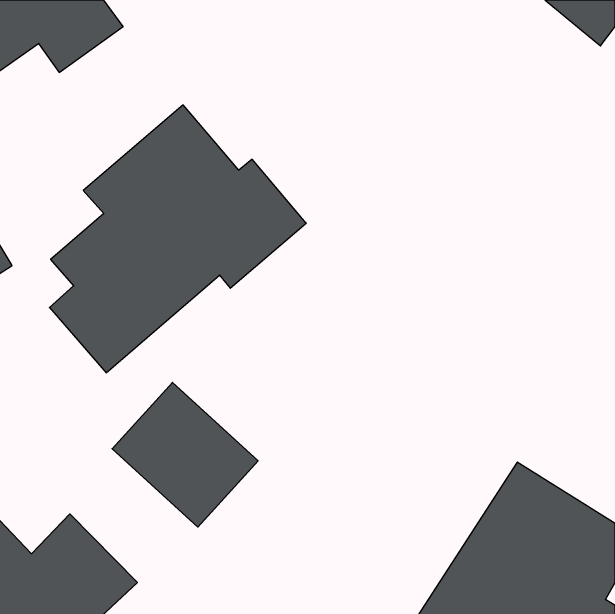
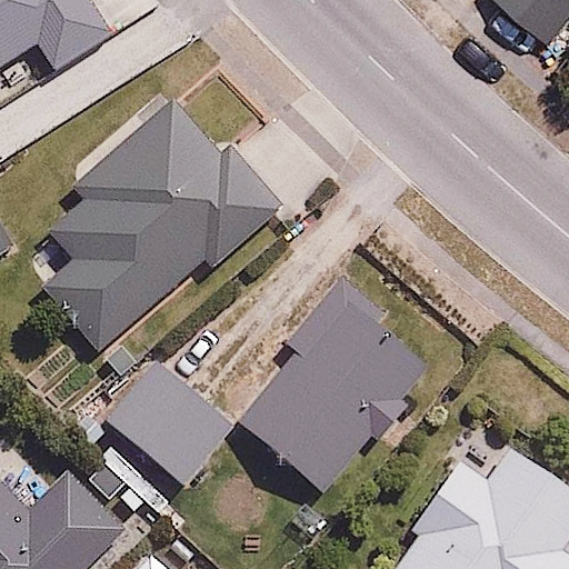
building: none -> [243,283,433,495]

